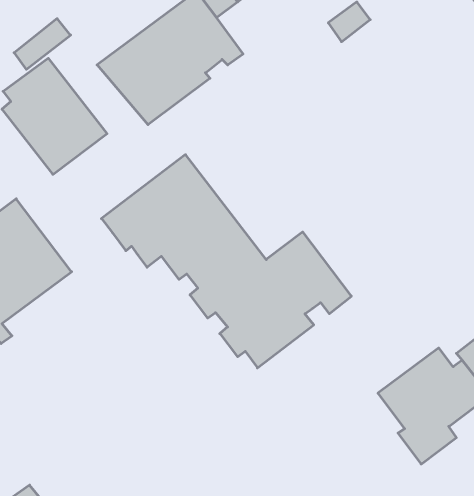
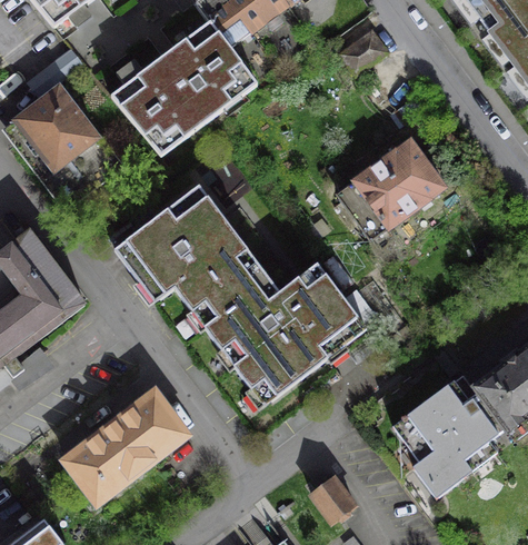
building: none -> [338,139,444,237]
building: none -> [64,390,185,499]
building: none -> [311,475,355,521]

